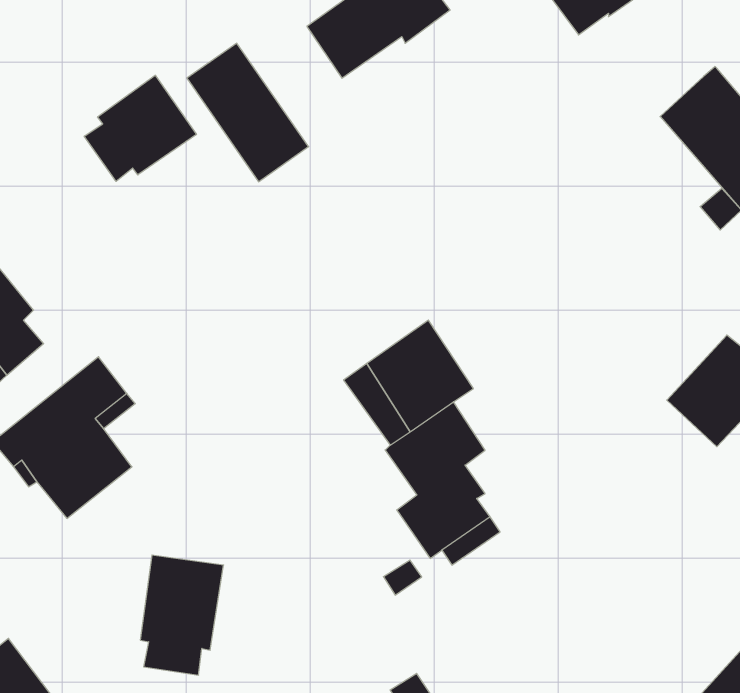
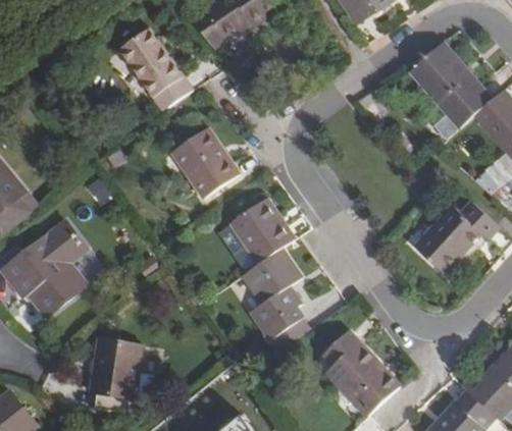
building: [84,75,196,181] -> none
building: none -> [171,125,240,198]
building: none -> [322,328,402,417]

